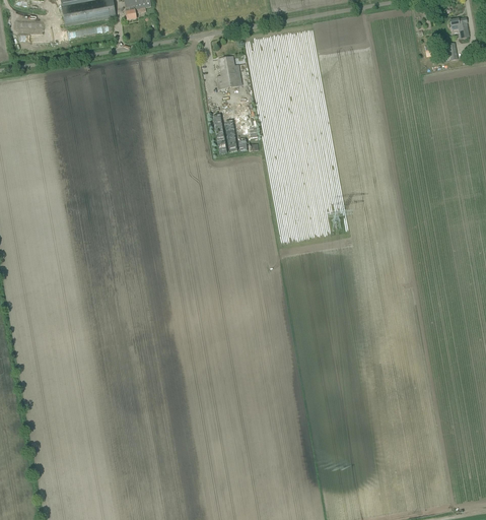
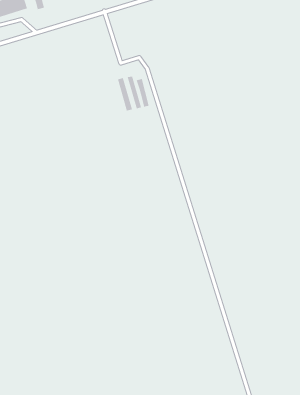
building: [215,54,240,87] -> none

